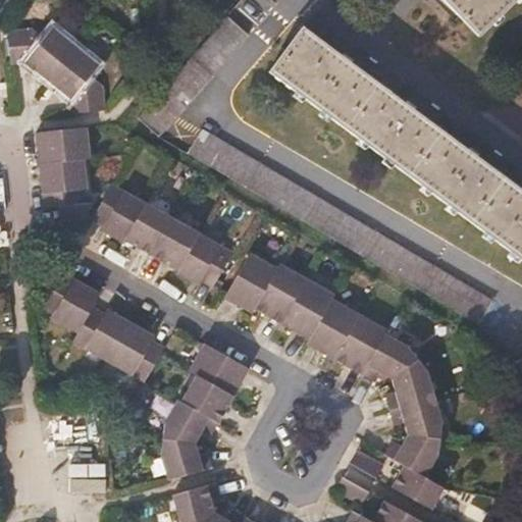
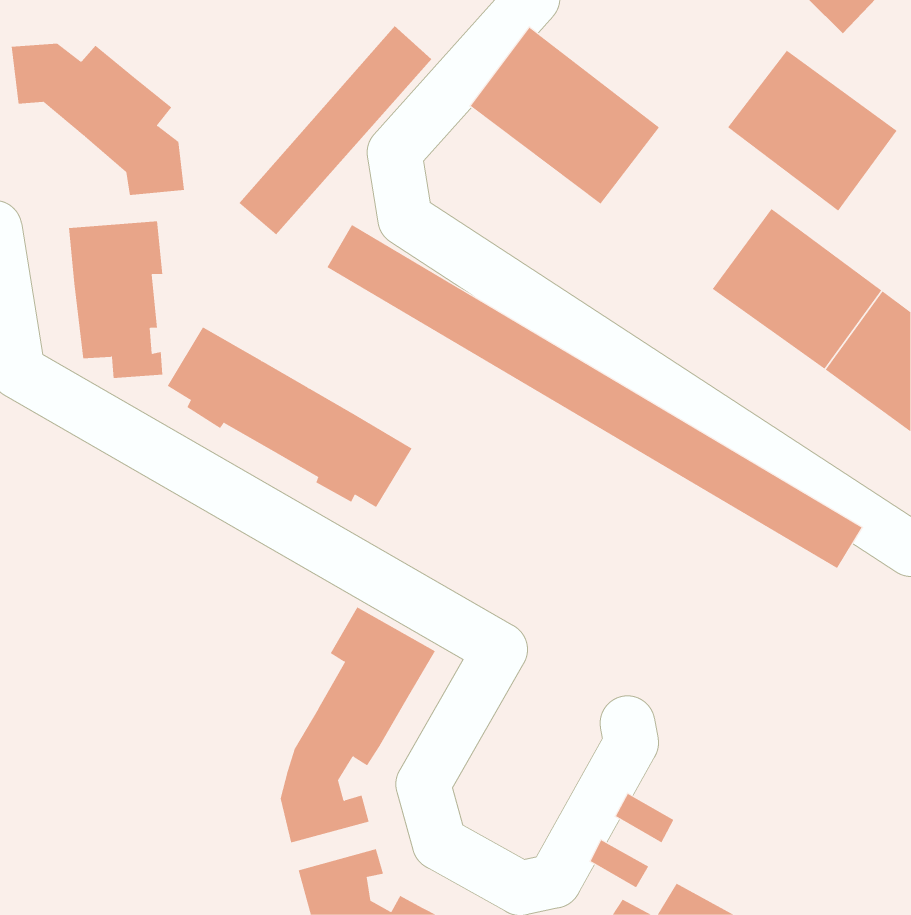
building: [342,72,438,164] -> [727,50,898,211]
building: [38,258,162,379] -> none
building: [227,259,443,510] -> none

